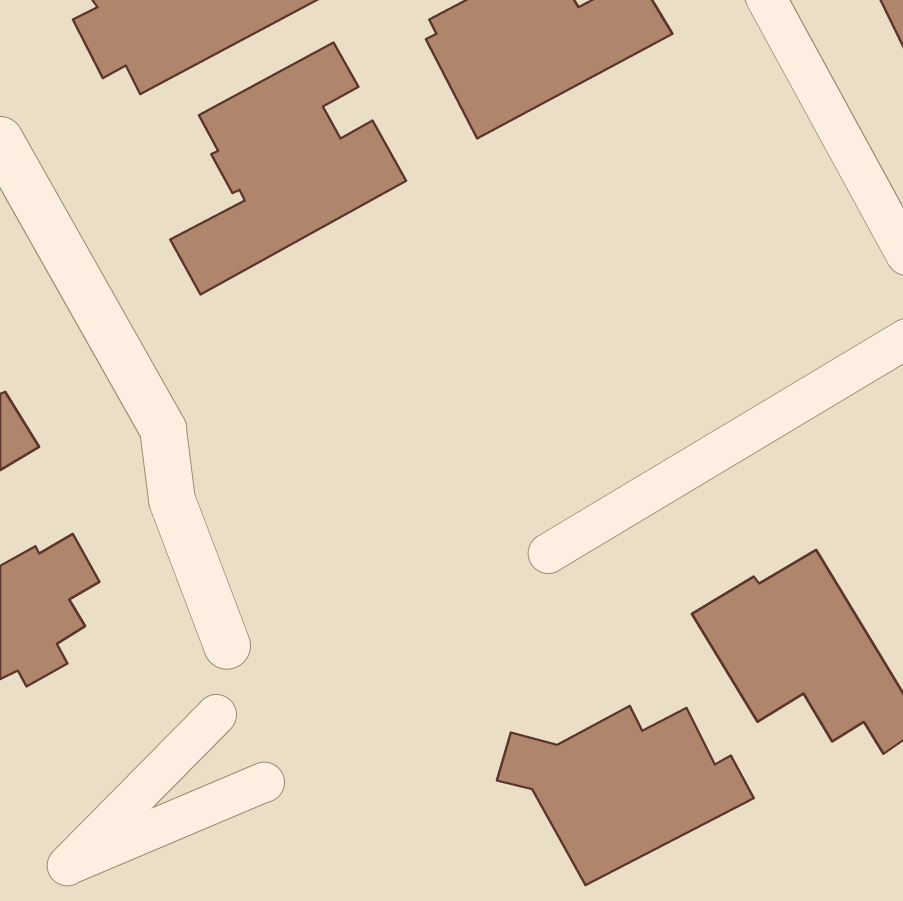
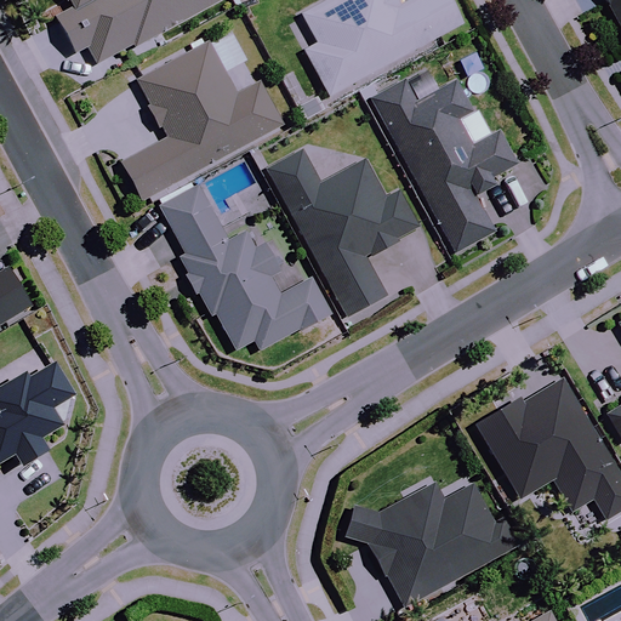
building: none -> [374,79,514,252]
building: none -> [268,149,416,314]
building: none -> [161,186,330,349]

